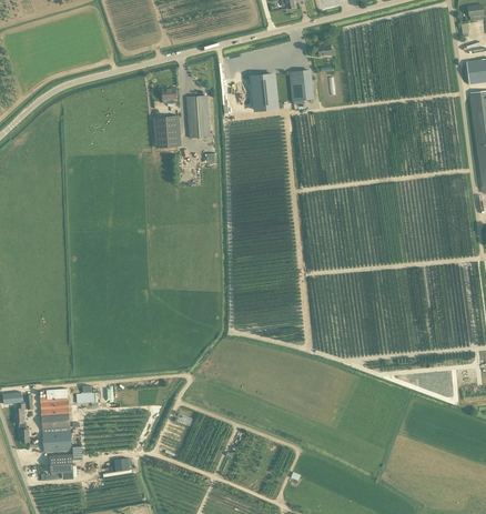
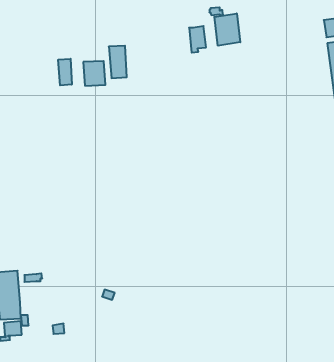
building: none -> [214,13,240,46]
building: [251,74,276,110] -> none
building: none -> [58,59,72,85]

